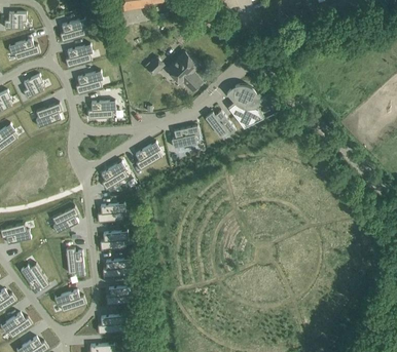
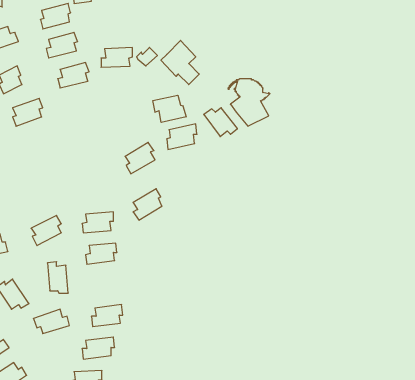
building: none -> [153,95,186,122]
building: [87,100,115,117] -> [101,48,132,67]
building: [101,160,127,188] -> [133,189,162,220]
building: [102,258,131,276] -> none

